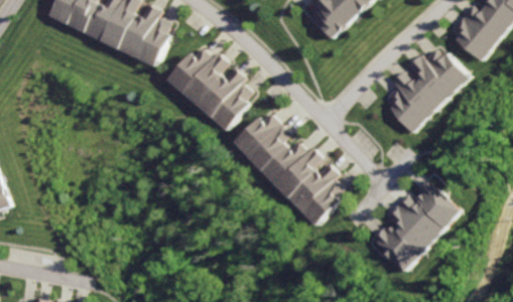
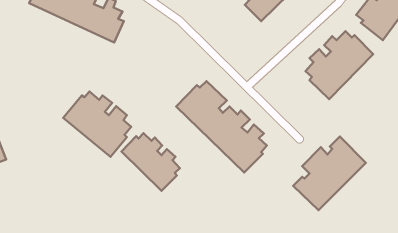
building: [164,49,248,130] -> [63,92,131,157]
building: none -> [121,133,180,191]

